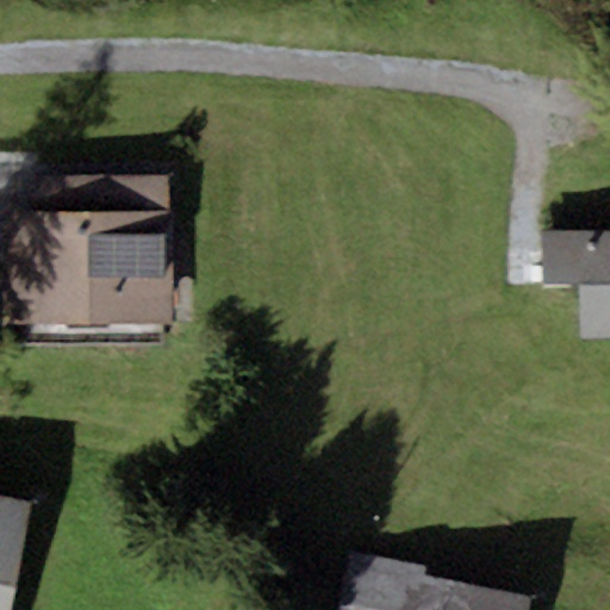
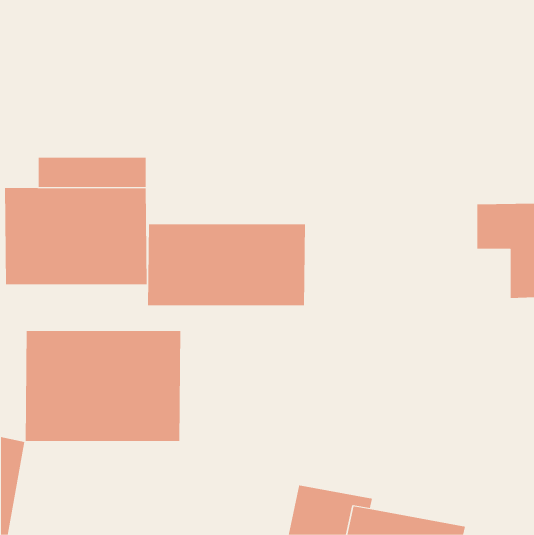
building: none -> [147,223,306,306]
building: none -> [25,330,181,442]

